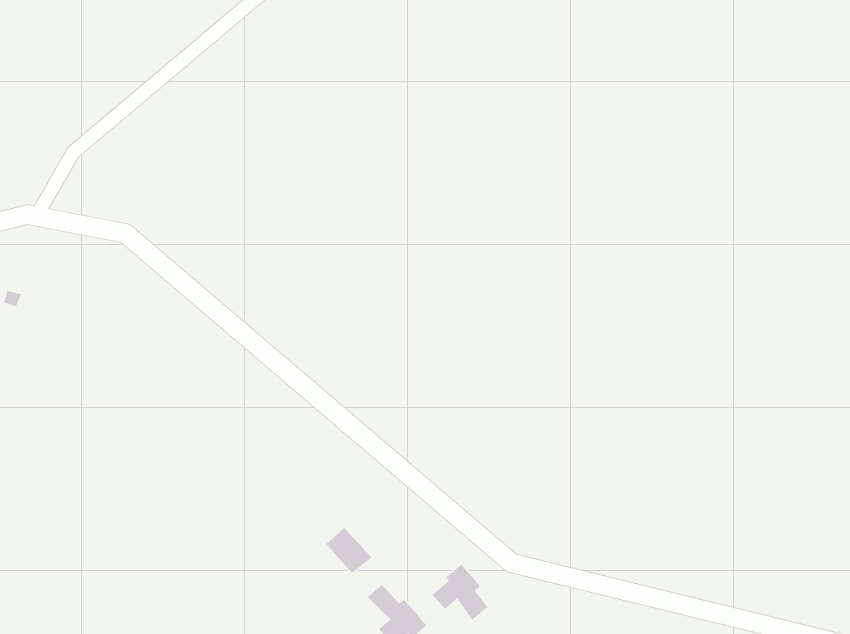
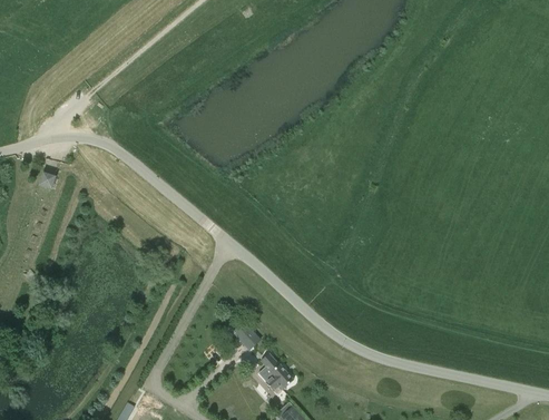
building: [431,563,489,621] -> none

